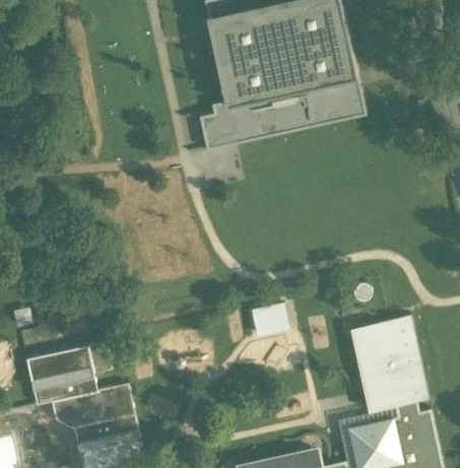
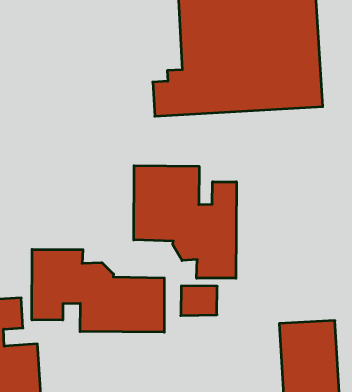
building: none -> [134,166,236,278]
building: none -> [32,249,164,332]

